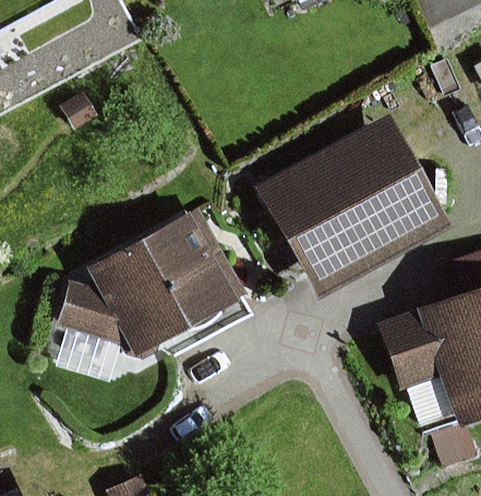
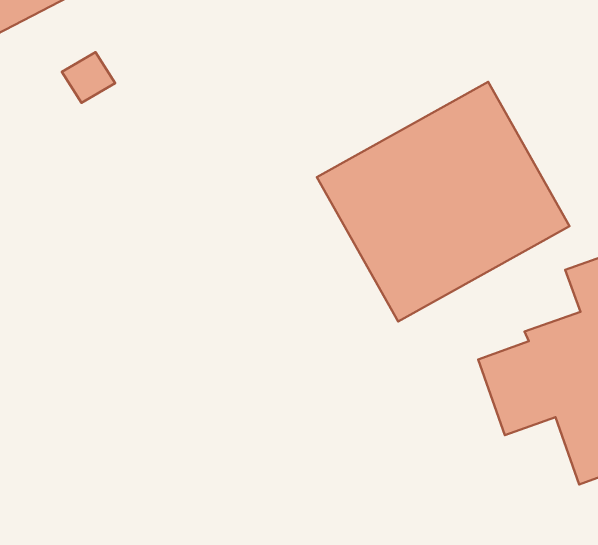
building: [57,209,245,360] -> none

